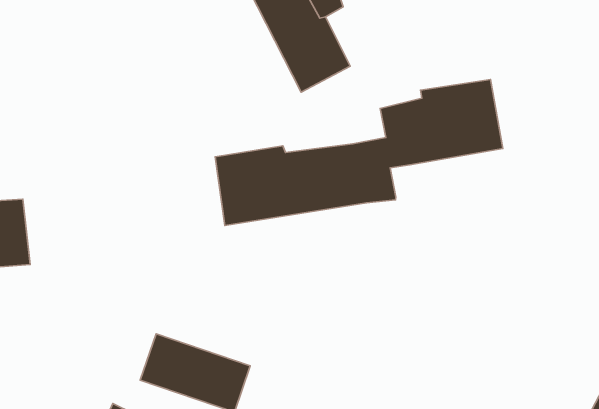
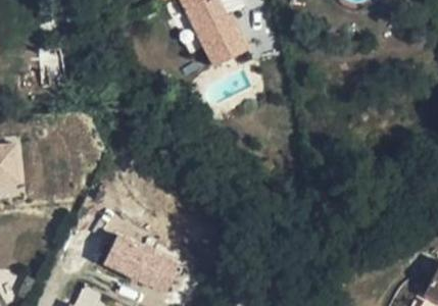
building: [215,80,503,225] -> none

